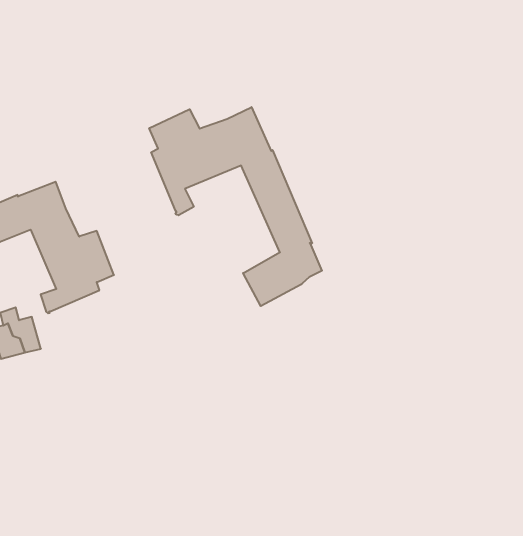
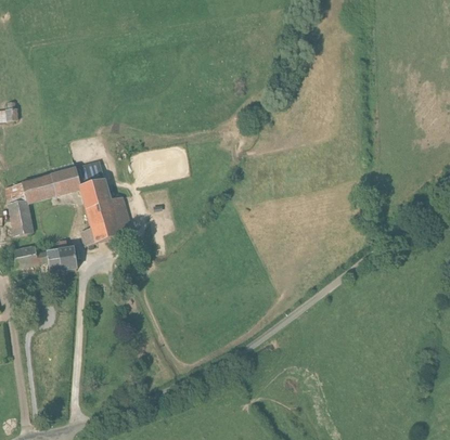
building: [149,107,322,306] -> none

